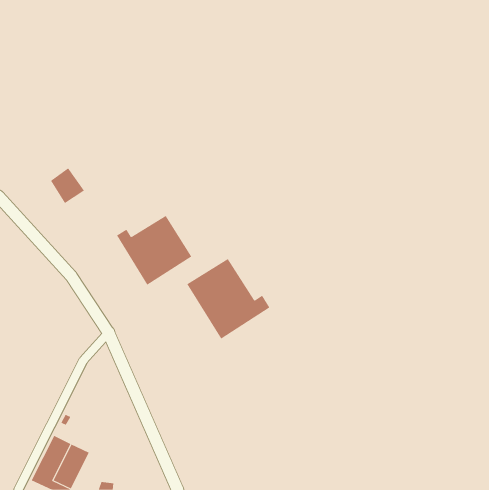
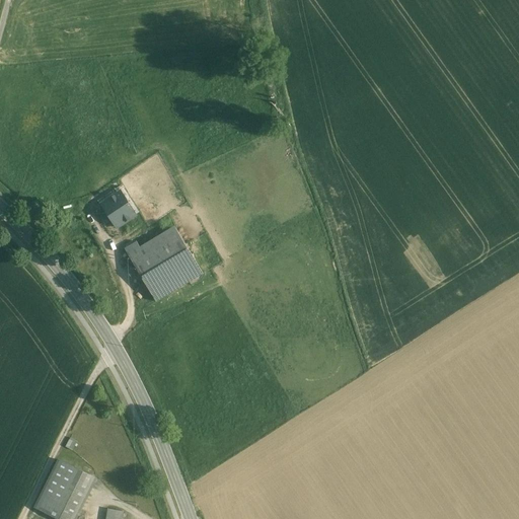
building: [50,167,85,204] -> [100,189,137,227]
building: [187,258,270,340] -> none

